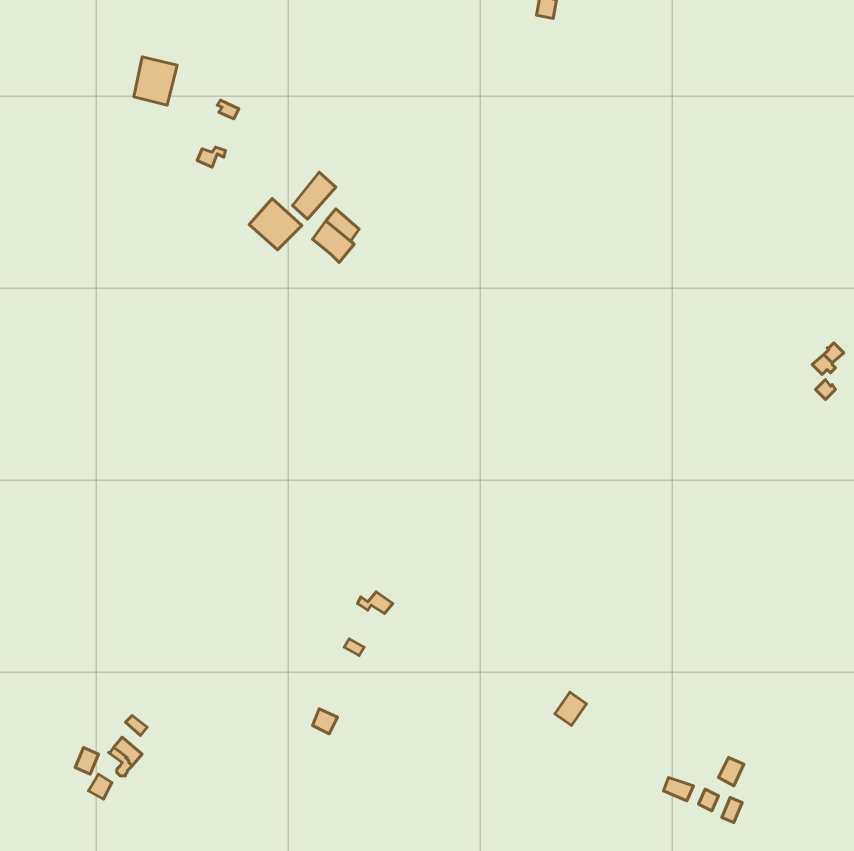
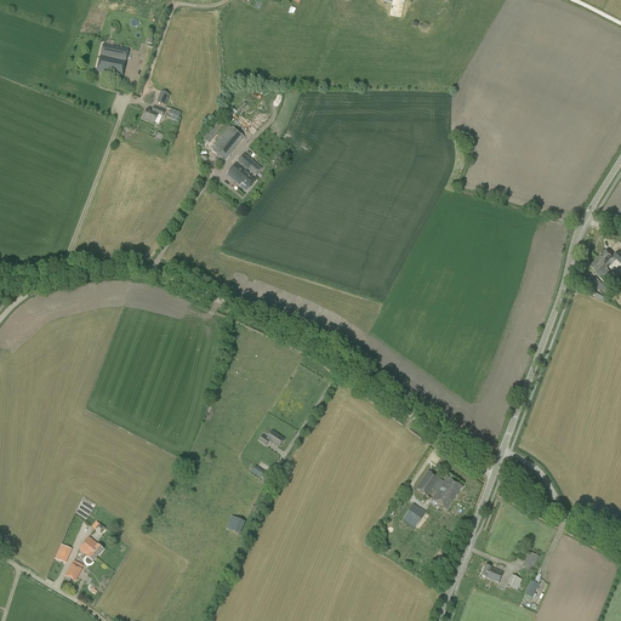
building: [249,199,302,250] -> none
building: none -> [416,468,462,507]

